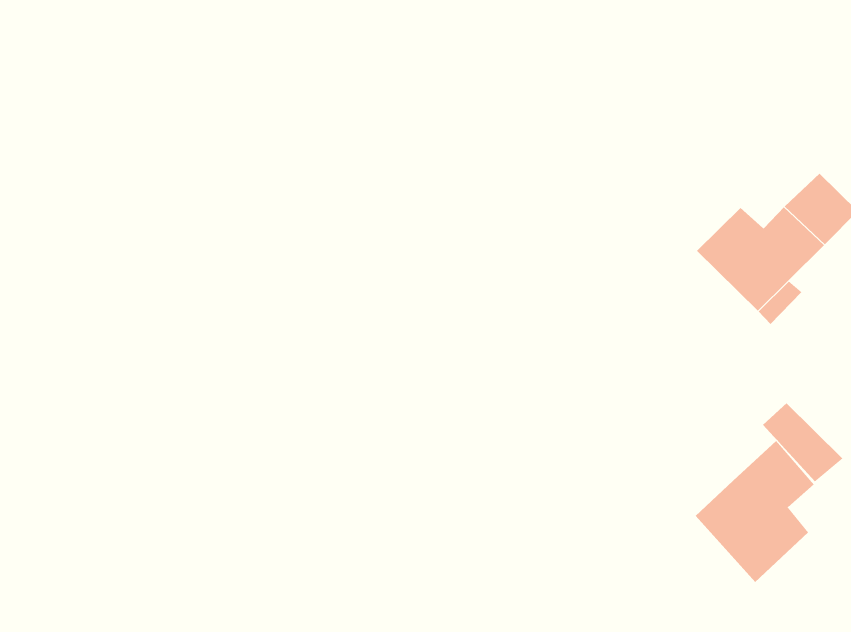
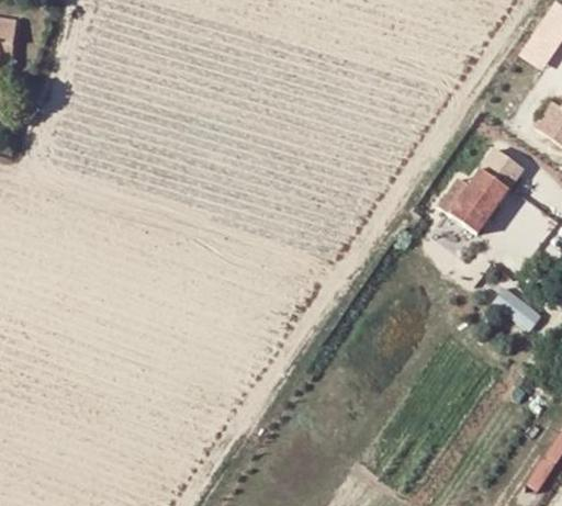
building: [695,440,814,583] -> none

